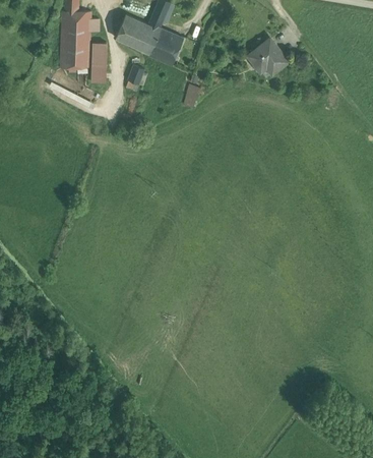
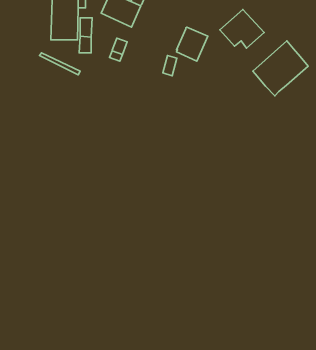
building: [149,28,184,66] -> [177,27,208,61]
building: none -> [253,41,308,96]

